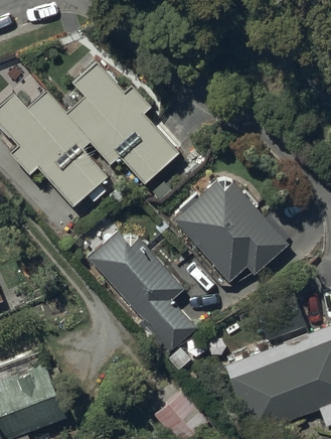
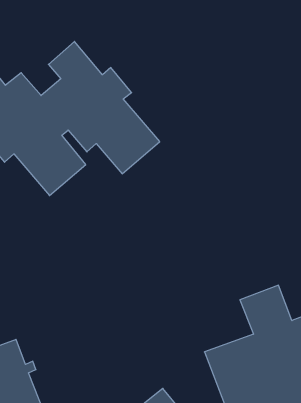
building: [170,182,289,285] -> none
building: [87,232,197,361] -> none

